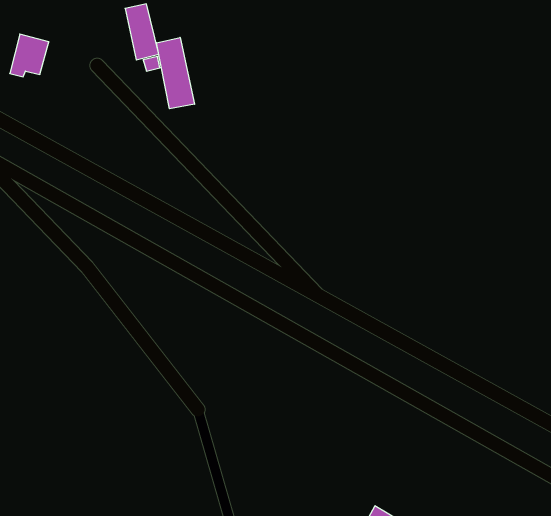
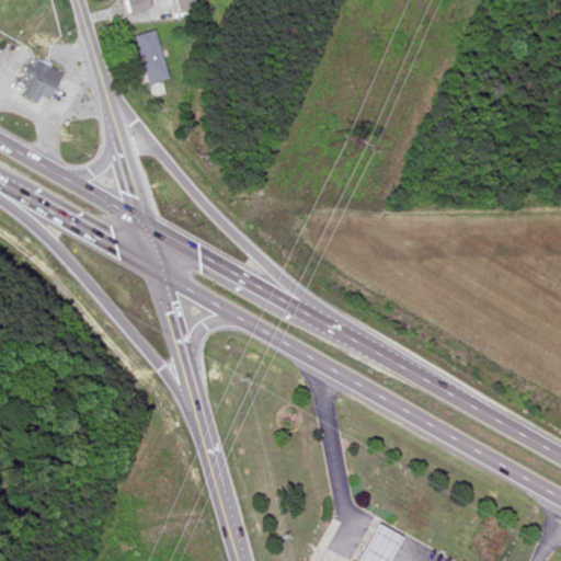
building: [157,37,195,109] -> none

